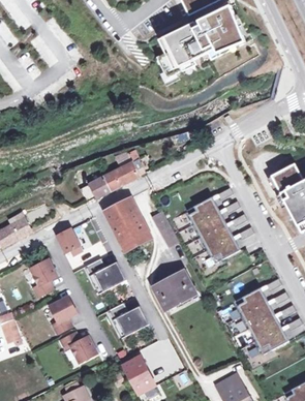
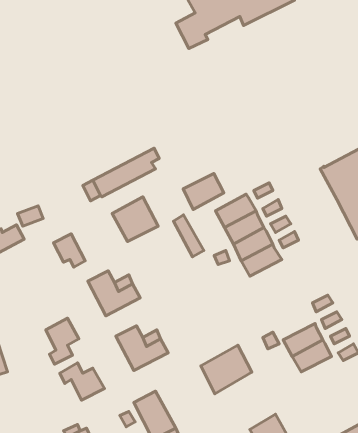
building: [116,222,149,251] -> [183,174,224,209]
building: [30,259,57,297] -> none
building: [153,270,194,309] -> [201,345,252,394]
building: [235,287,268,314] -> none
building: [256,328,288,353] -> none

